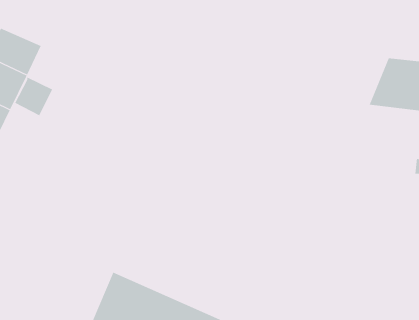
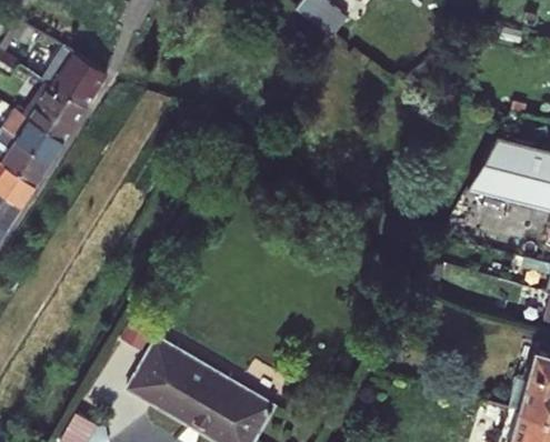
building: [14,77,53,116] -> none

